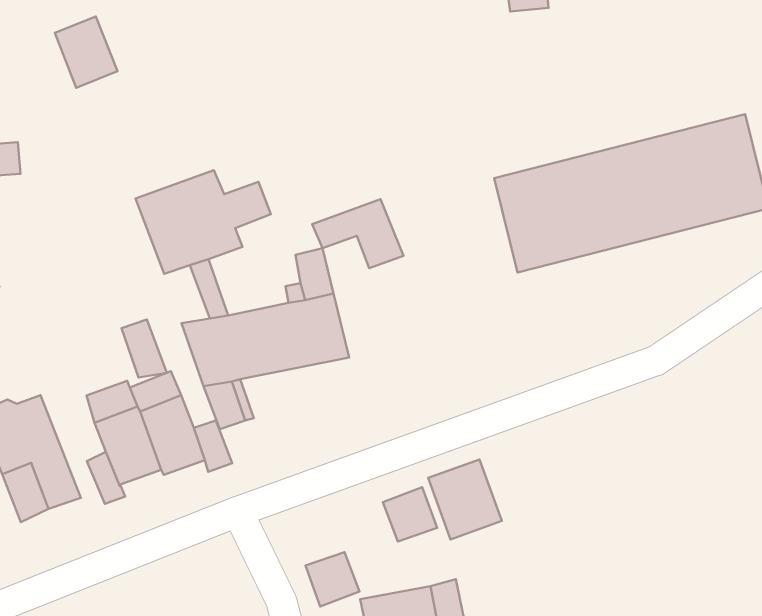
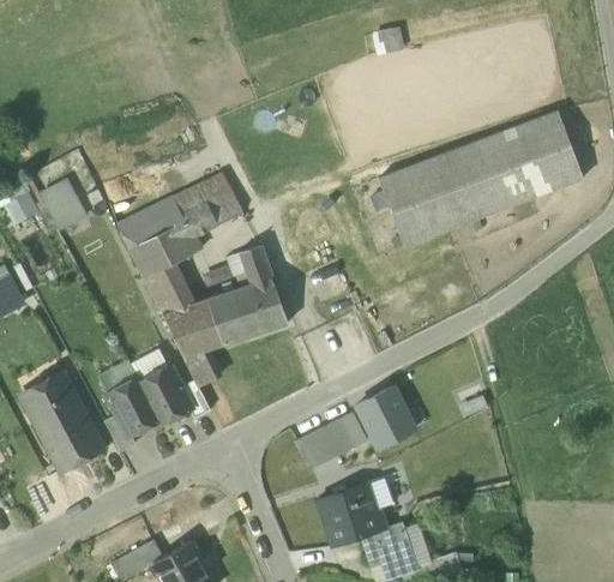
building: [55,16,117,88] -> [38,178,88,232]
building: [312,199,403,268] -> [173,173,242,224]
building: [121,320,167,378] -> [145,269,182,312]
building: [305,552,360,607] -> [297,426,339,468]

